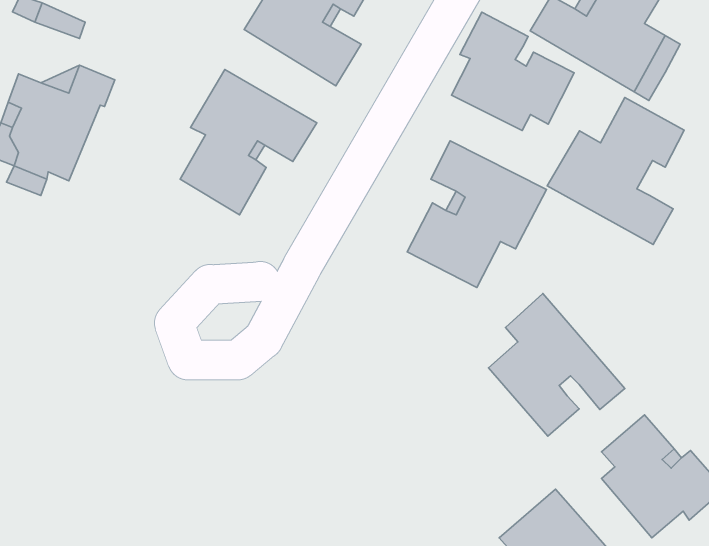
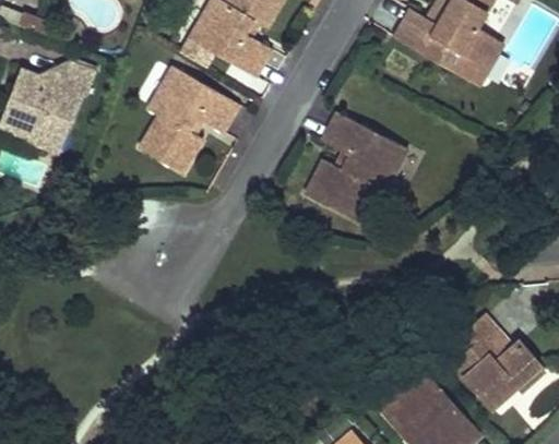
building: [452,12,574,130] -> none
building: [547,98,684,245] -> none
building: [489,294,625,436] -> none

